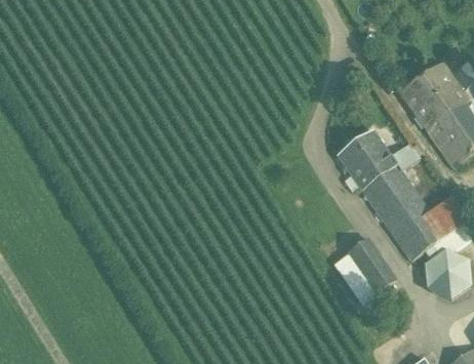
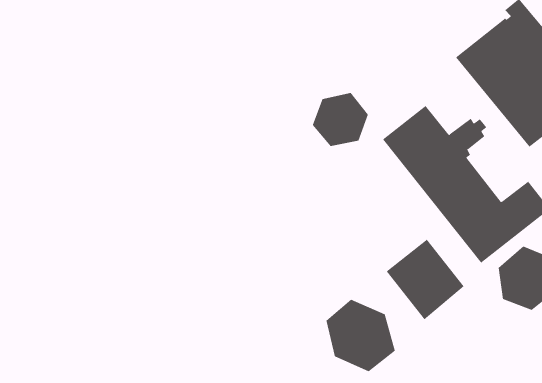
building: none -> [312,92,369,147]
building: none -> [326,299,395,372]

